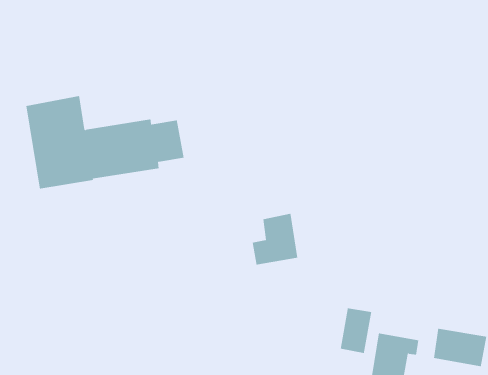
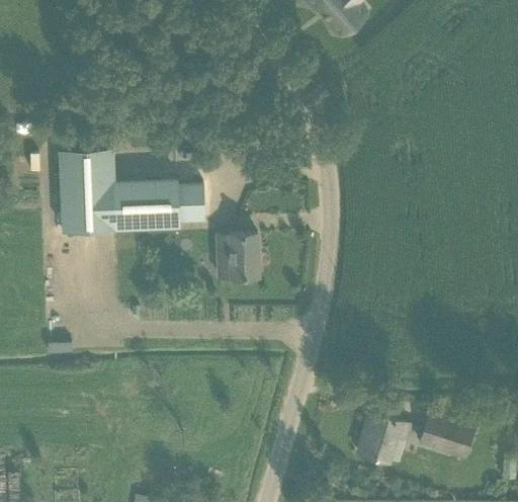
building: [252,213,298,265] -> [217,234,259,279]
building: [340,308,372,354] -> none

